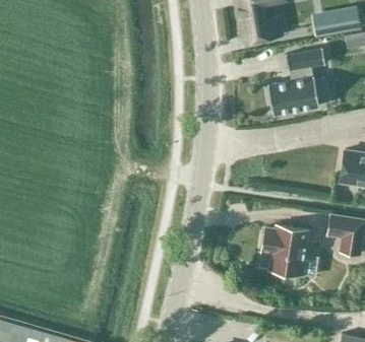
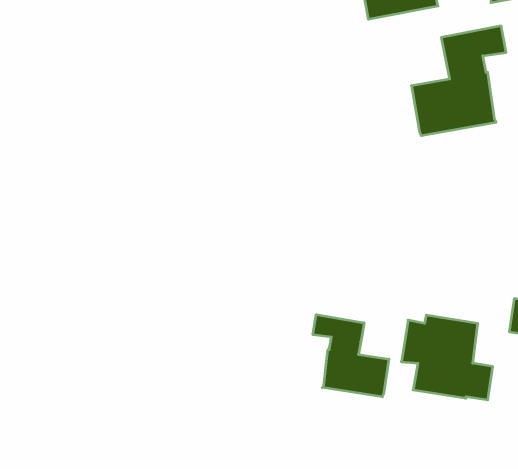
building: none -> [313,315,389,397]

